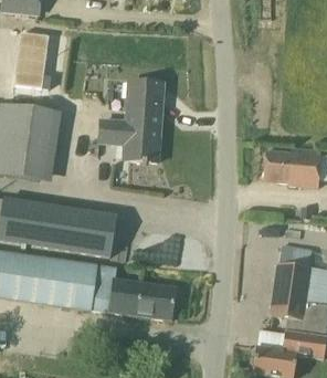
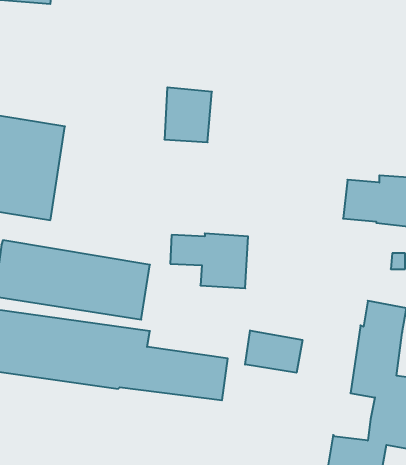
building: [11,32,45,88] -> none
building: [101,118,160,160] -> [170,233,248,288]
building: none -> [245,330,302,373]

